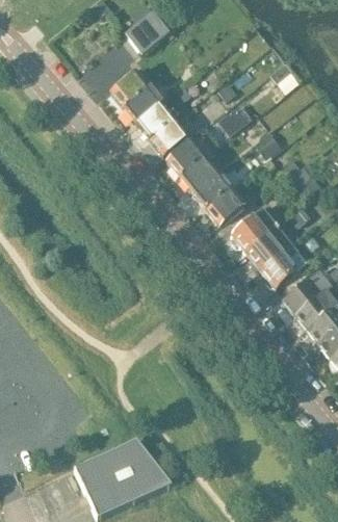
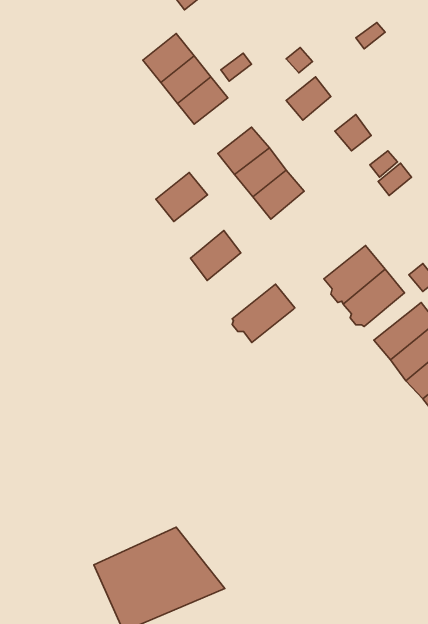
building: [150,119,188,155] -> [156,173,207,221]
building: [207,188,244,226] -> [191,230,241,281]
building: [232,210,279,254] -> [232,284,295,343]

